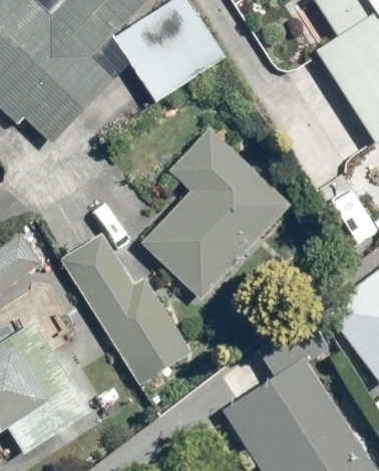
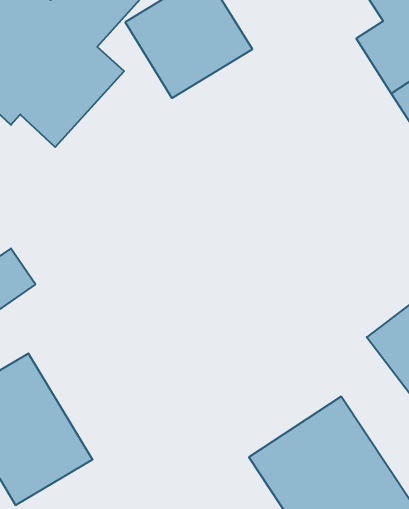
building: [141,130,290,298] -> none
building: [62,233,191,383] -> none

